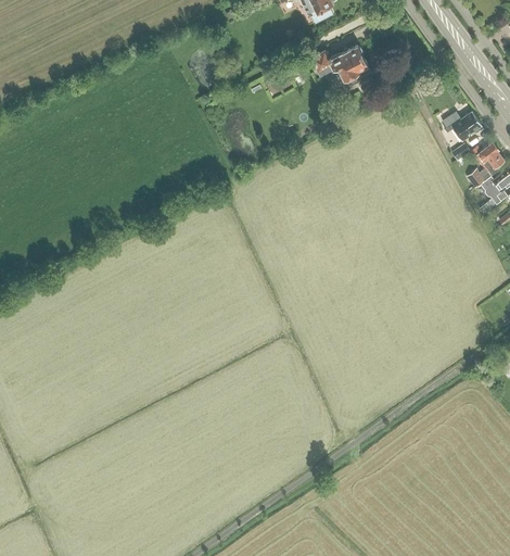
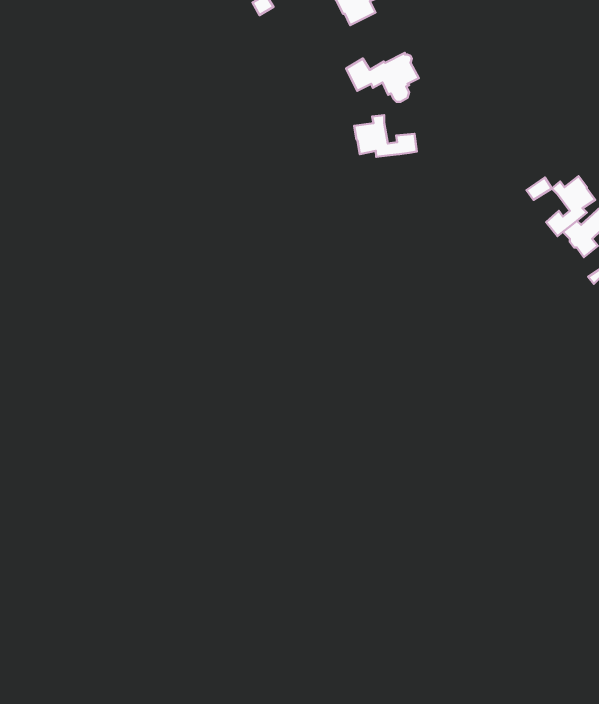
building: none -> [354,115,417,157]
building: [442,110,481,140] -> none

